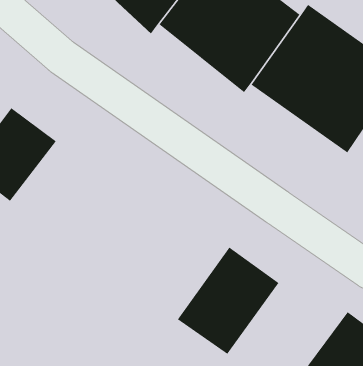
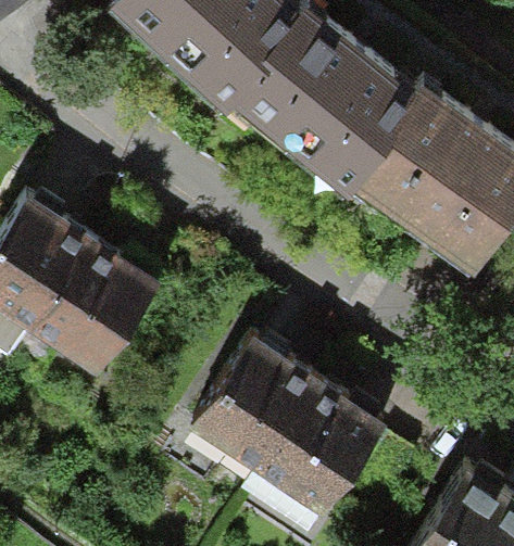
building: none -> [32,243,155,370]
building: none -> [184,334,318,477]

